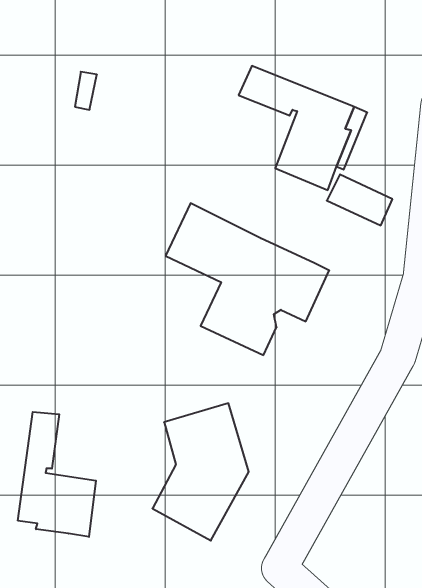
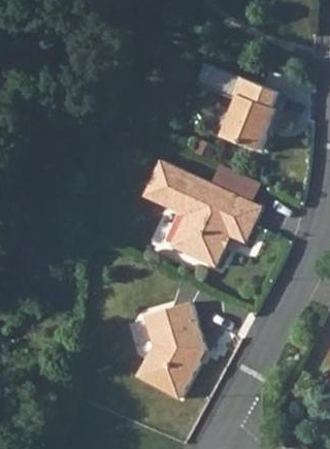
building: [327,174,392,225] -> [211,166,258,202]
building: [18,412,96,537] -> none

